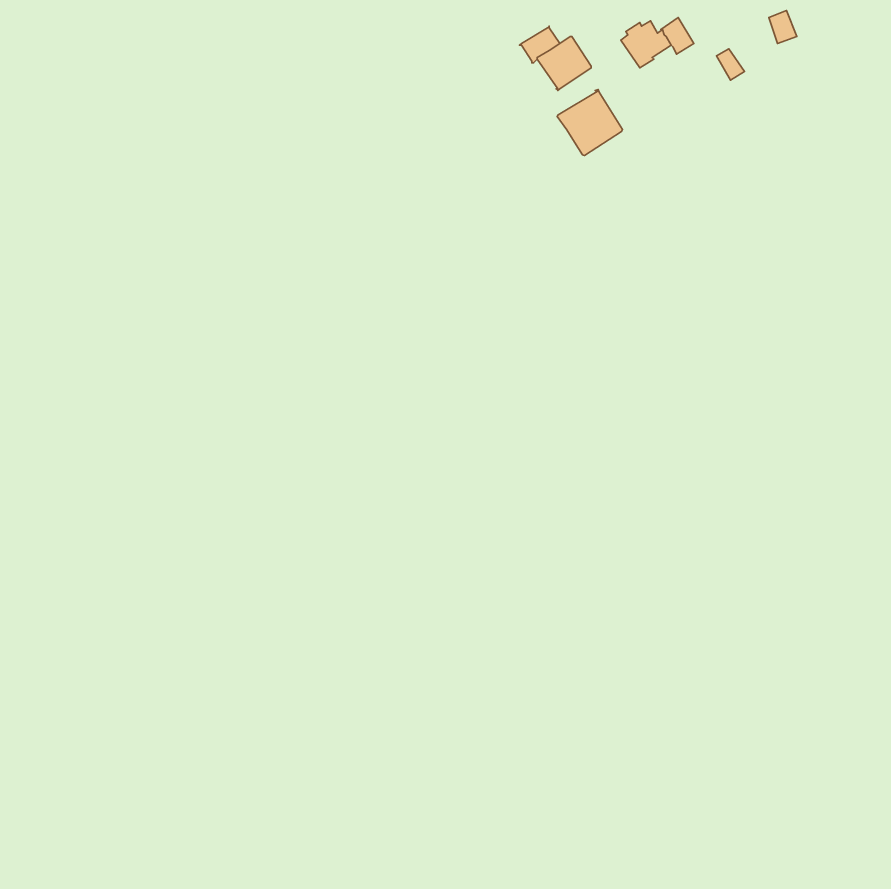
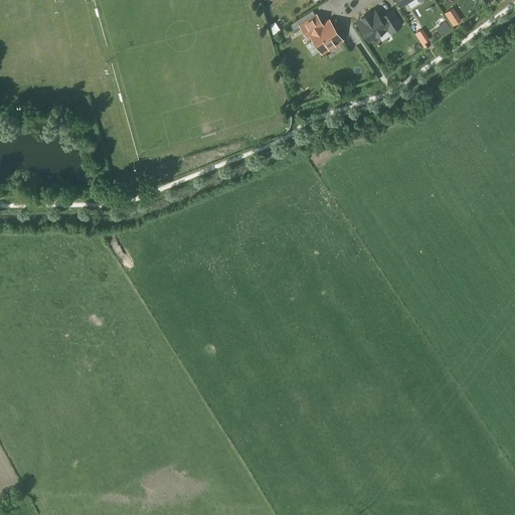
building: [557,89,623,156] -> none

